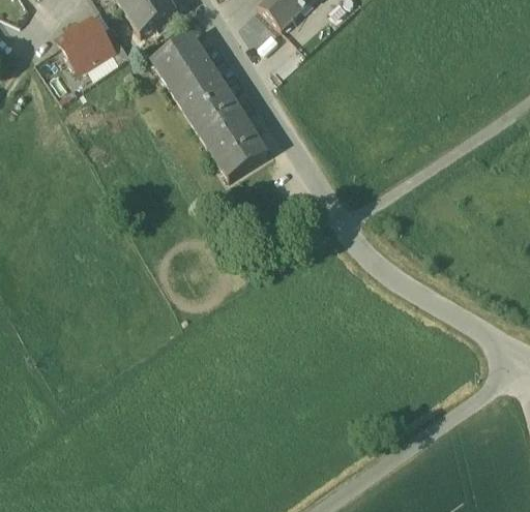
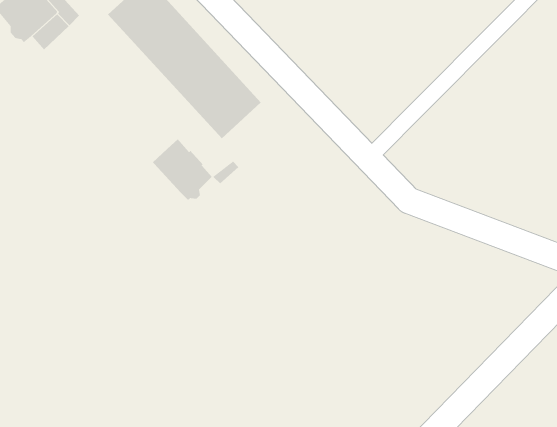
building: none -> [152,139,213,201]

